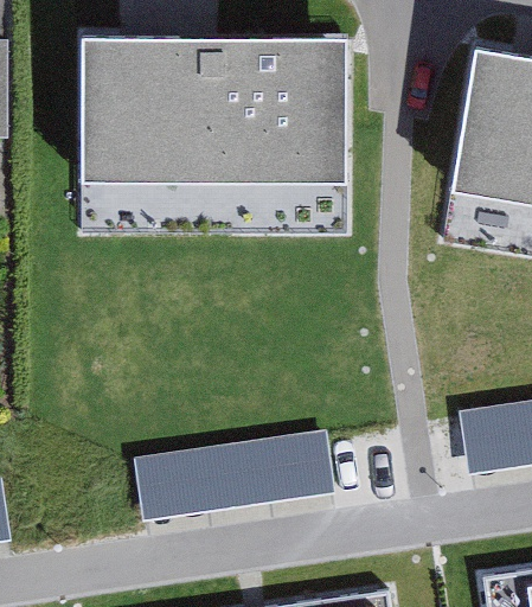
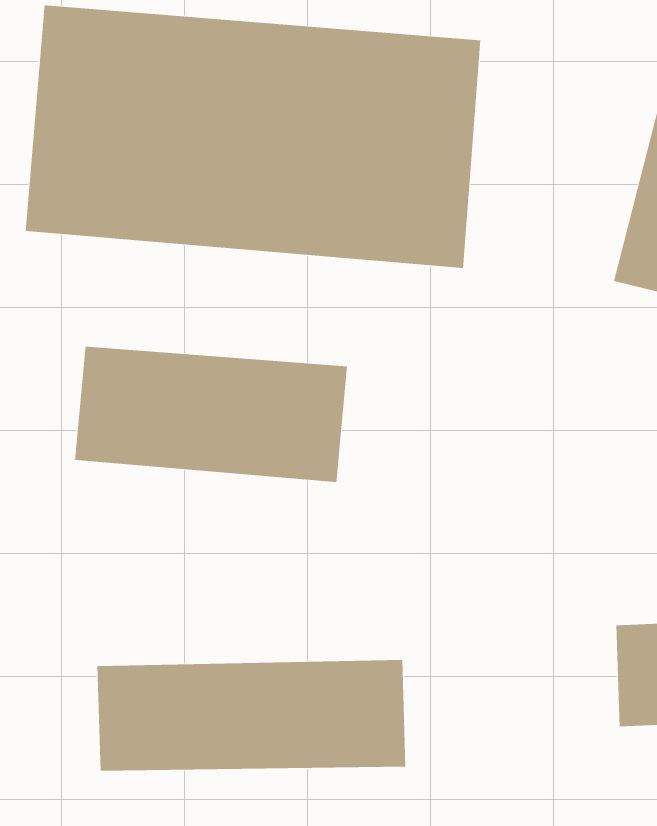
building: none -> [75,346,347,483]

